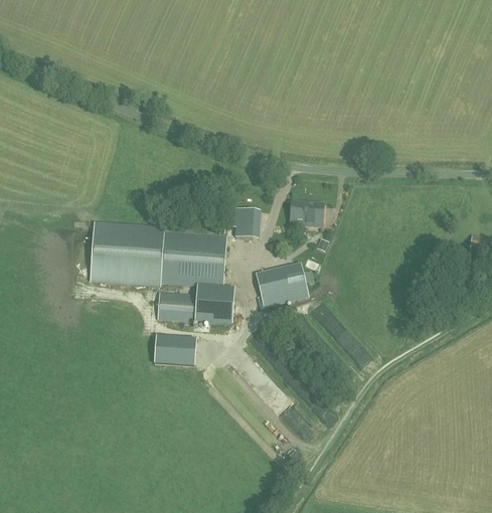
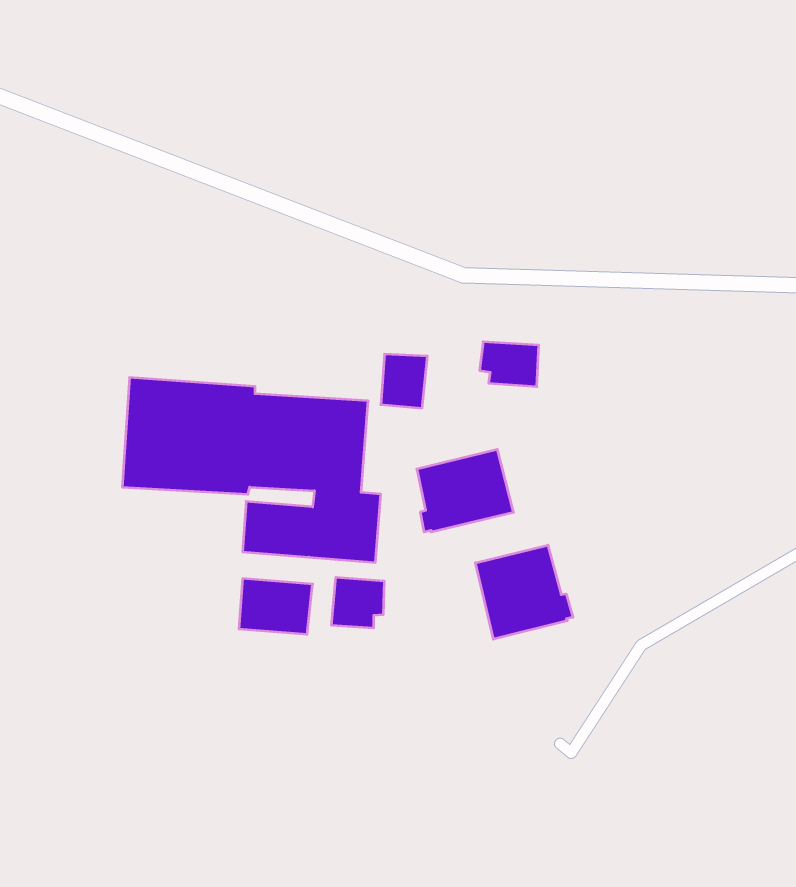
building: none -> [475,545,573,639]
building: none -> [332,577,384,628]

